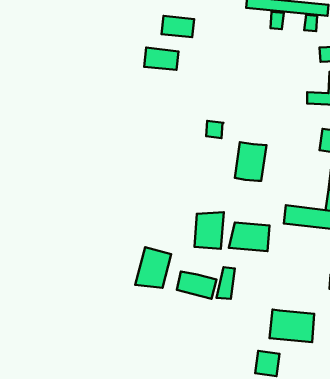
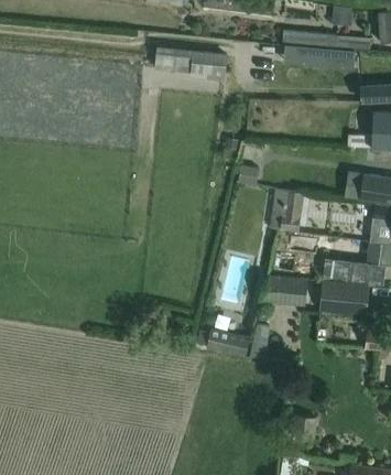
building: [144,48,179,70] -> [154,47,192,72]
building: [195,212,224,249] -> none
building: [135,247,171,288] -> none
building: [269,310,314,342] -> [318,280,367,315]

